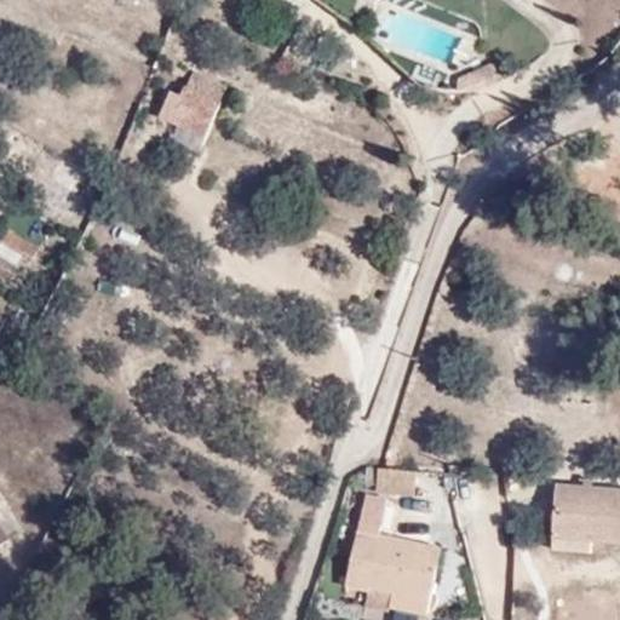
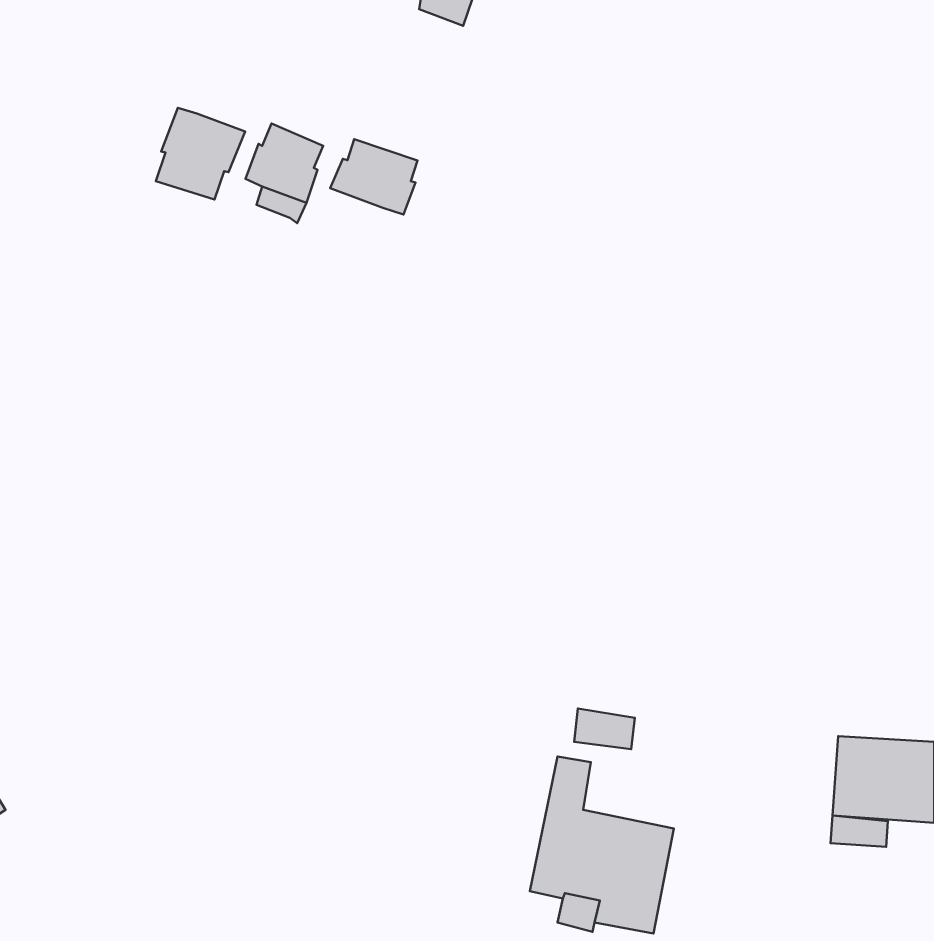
building: none -> [156,108,245,200]
building: none -> [330,139,418,214]

